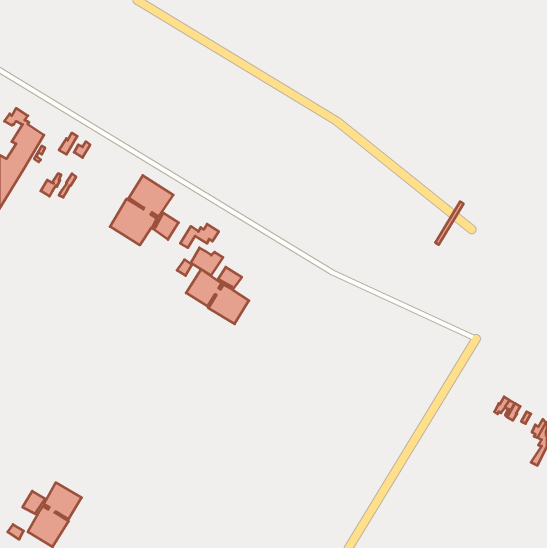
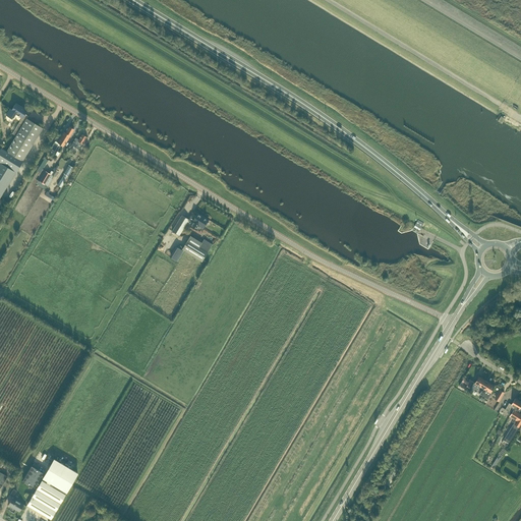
building: [110,175,179,245] -> none
building: [186,267,249,324] -> none

